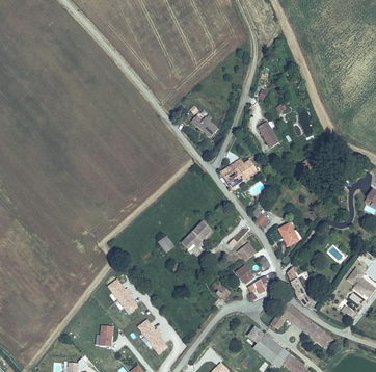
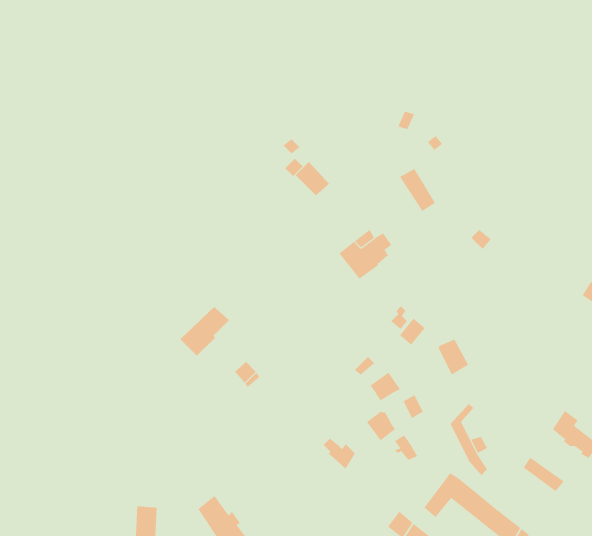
building: [180,222,210,253] -> [180,306,230,357]
building: [105,275,137,313] -> none

